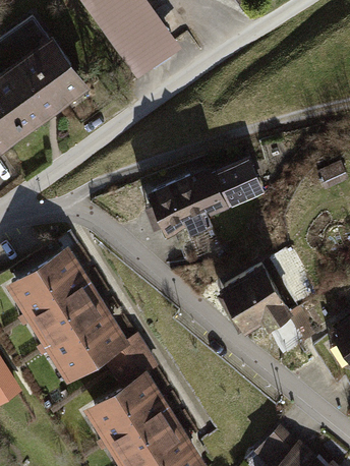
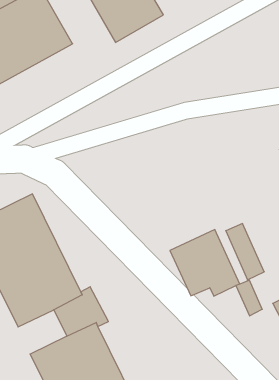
building: [145,157,265,237] -> none

